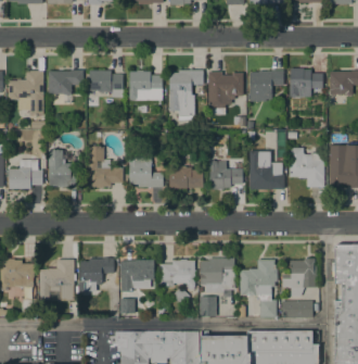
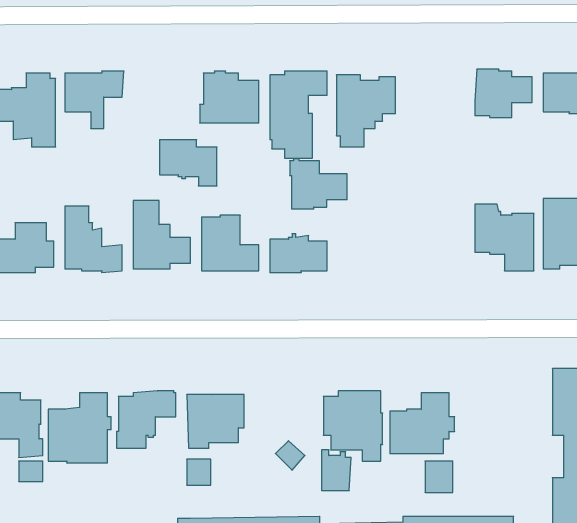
building: [89,70,123,97] -> [160,140,217,186]
building: [250,70,283,101] -> none
building: [250,150,284,188] -> none
building: [209,160,243,189] -> [290,159,347,209]
building: [282,258,317,296] -> none
building: [161,259,196,288] -> none
building: [282,300,312,317] -> none

